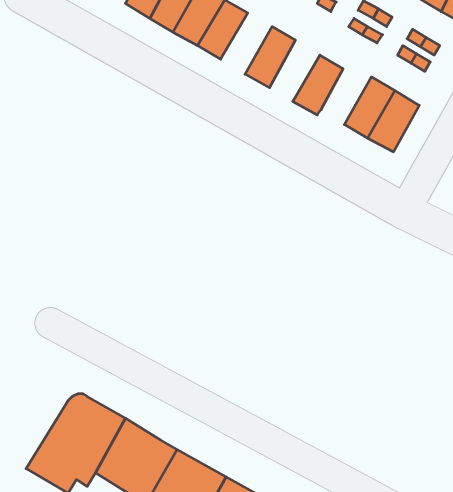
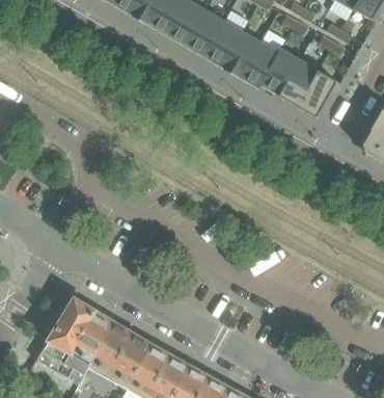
building: none -> [184,10,223,57]
building: none -> [221,31,259,78]
building: none -> [260,49,299,96]

